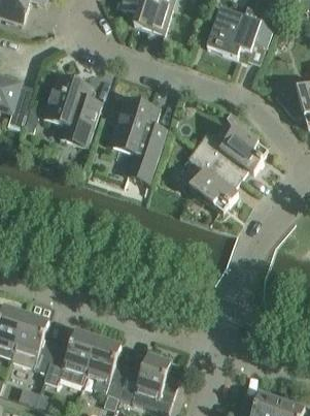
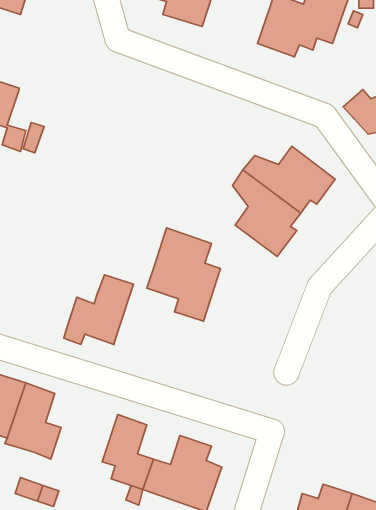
building: [42,75,101,147] -> none
building: [108,97,166,170] -> [147,228,221,321]
building: [43,330,98,385] -> [64,275,134,345]

